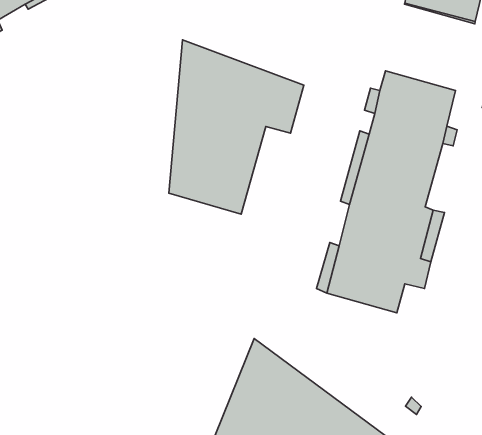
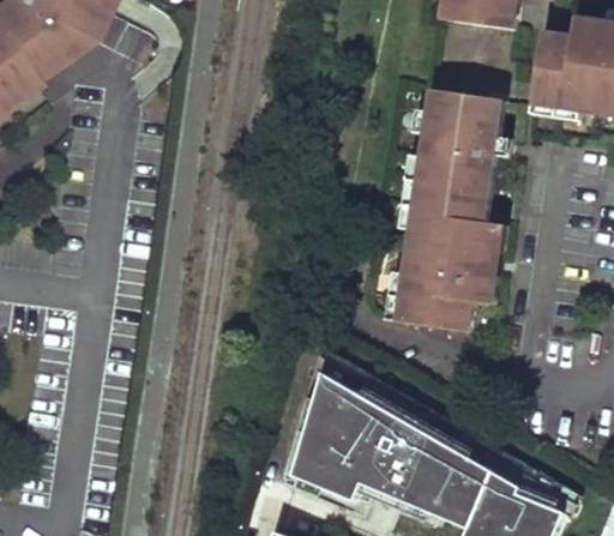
building: [169,40,304,214] -> none

